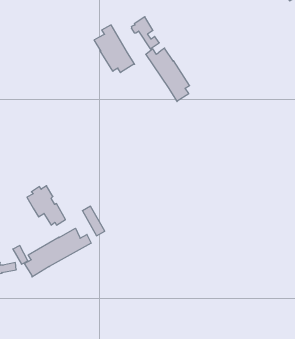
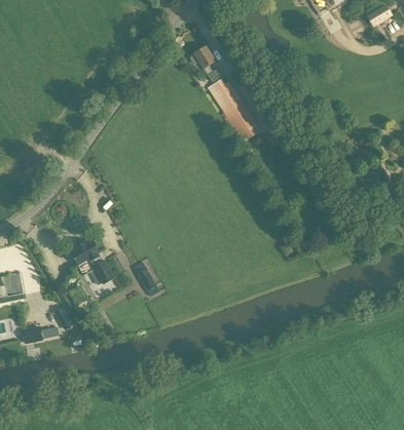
building: [94,25,135,73] -> none
building: [25,228,91,277] -> none

